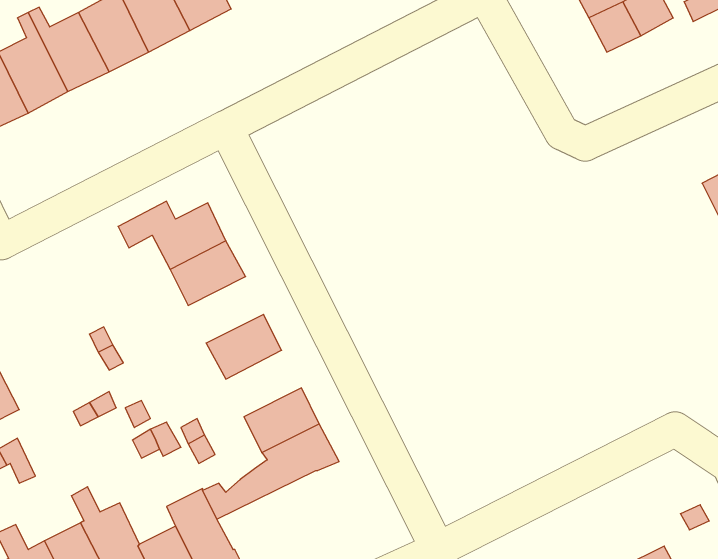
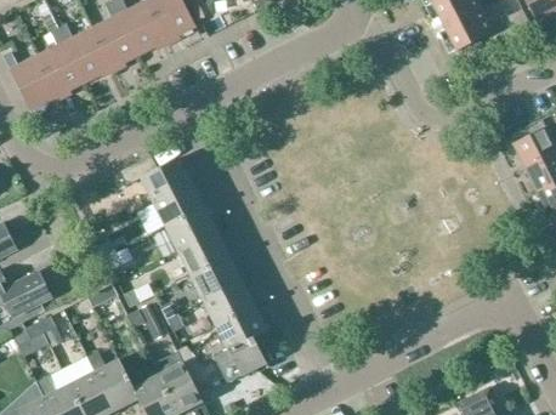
building: none -> [166,206,217,251]
building: none -> [192,256,248,301]
building: none -> [186,337,266,391]

